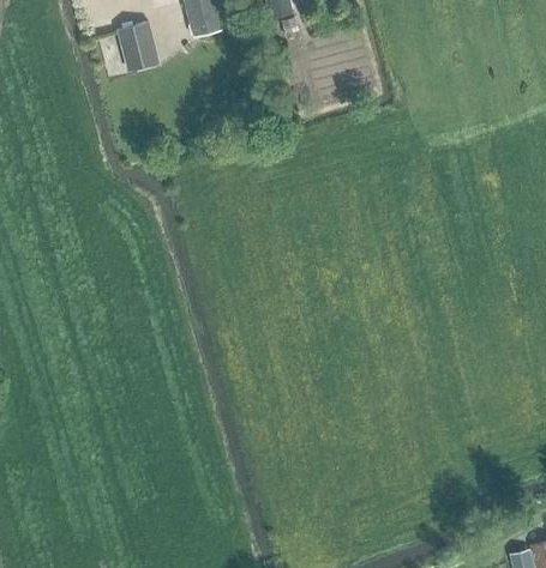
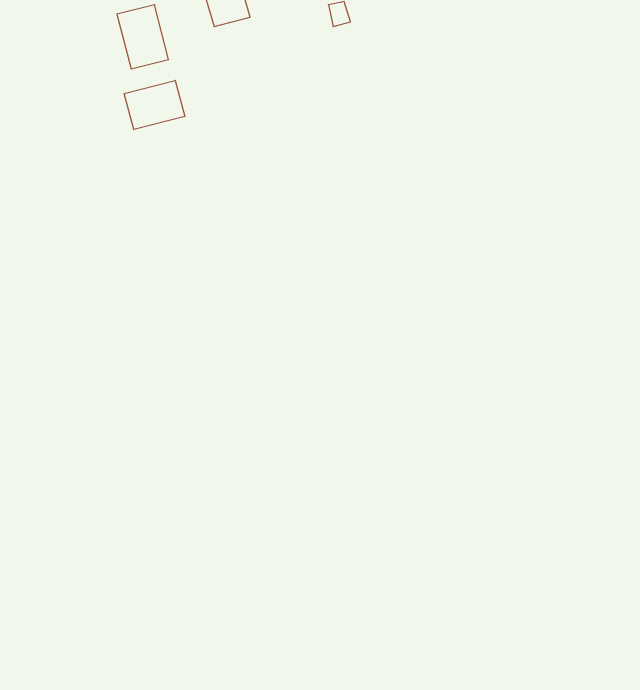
building: none -> [124,80,185,130]

